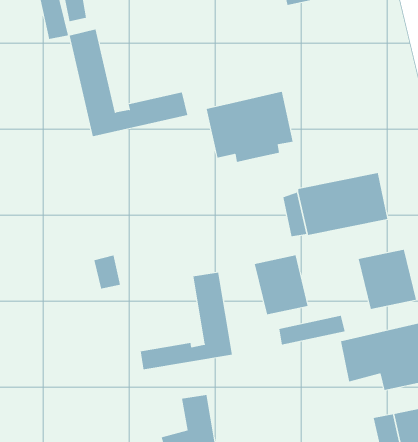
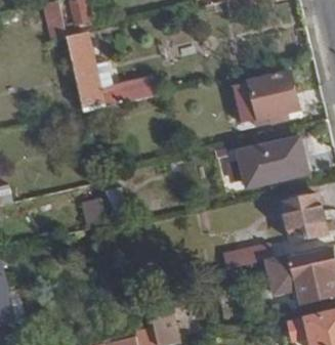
building: [206,91,294,162] -> [235,72,300,125]
building: [254,255,308,315] -> none
building: [140,272,232,370] -> none

